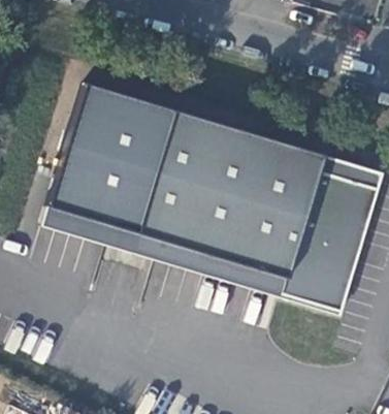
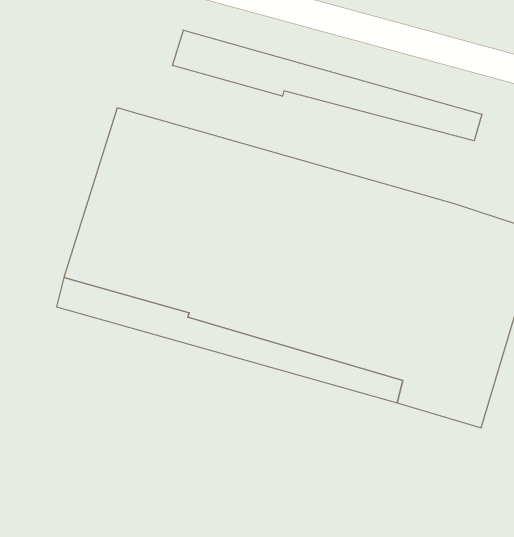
building: none -> [173,30,482,141]

